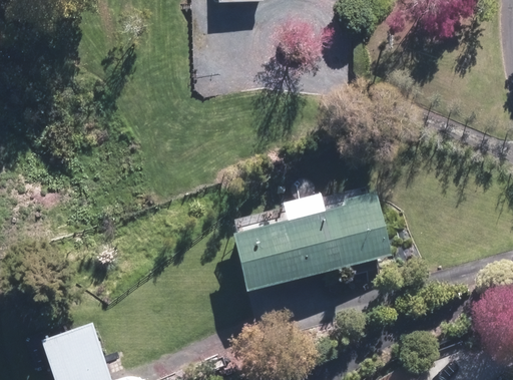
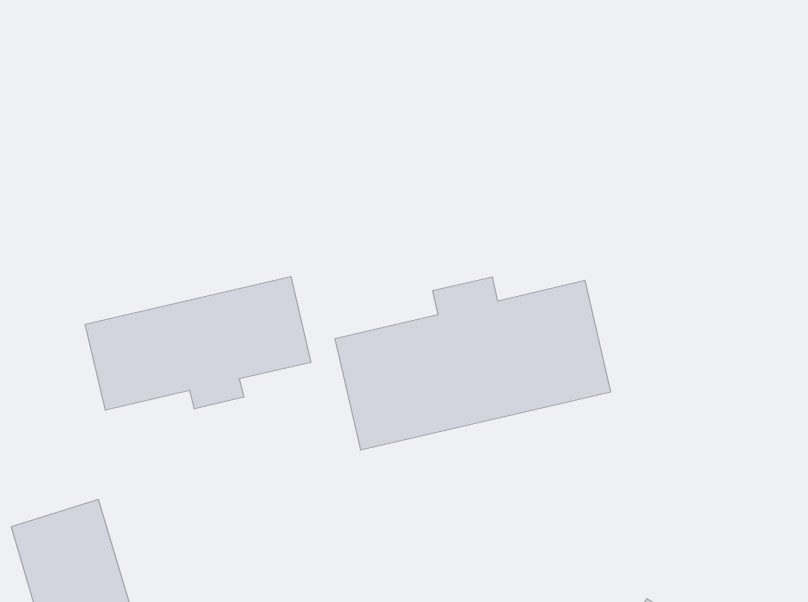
building: none -> [85,276,311,410]

